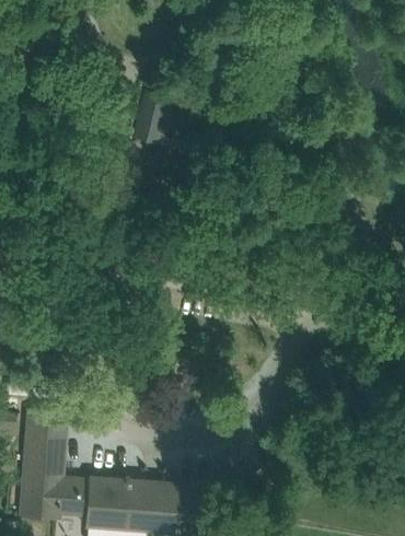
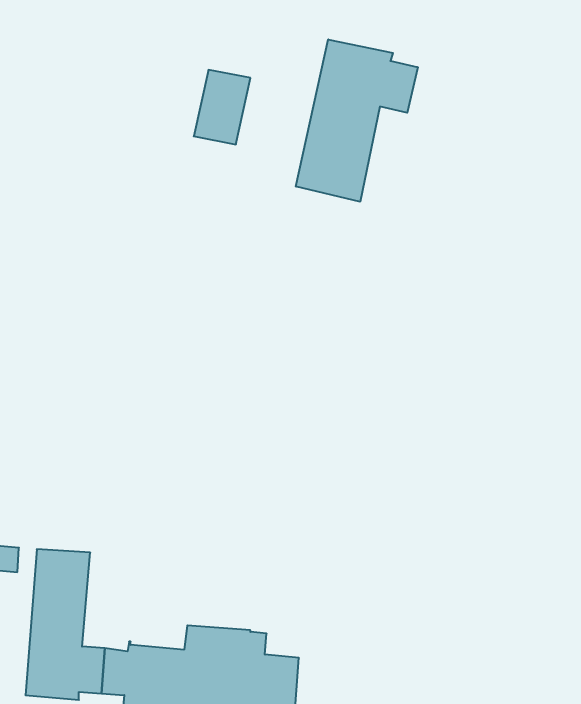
building: none -> [296,39,418,202]

